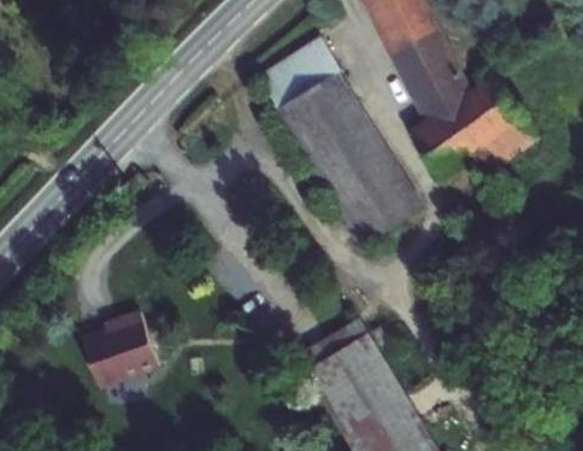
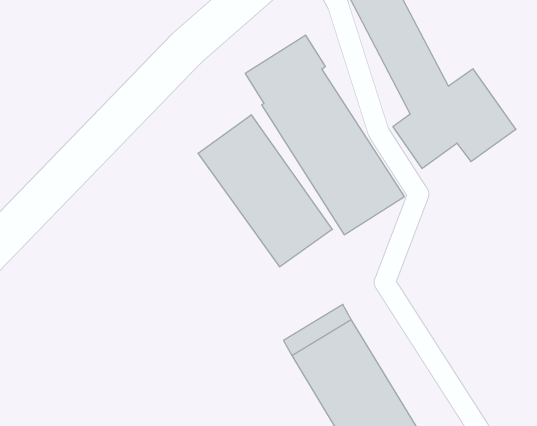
building: none -> [198,115,332,267]
building: [81,310,158,385] -> none

